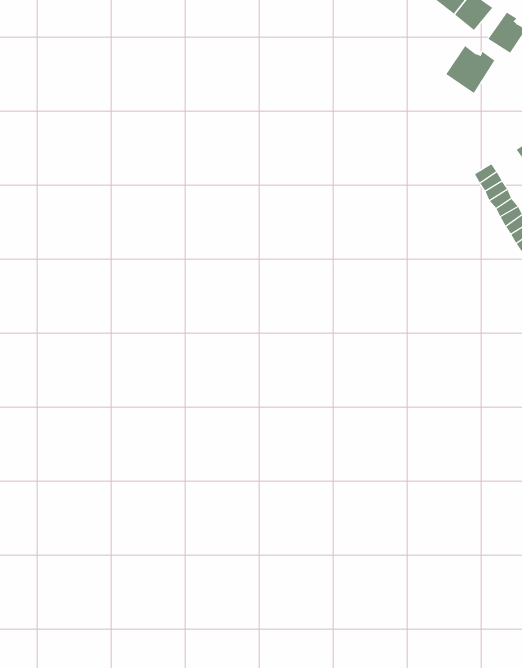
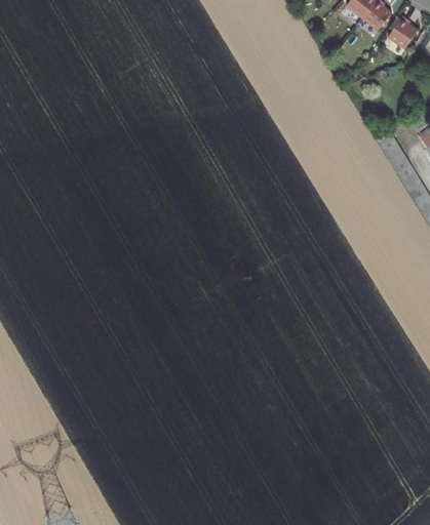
building: [446,45,495,94] -> none

